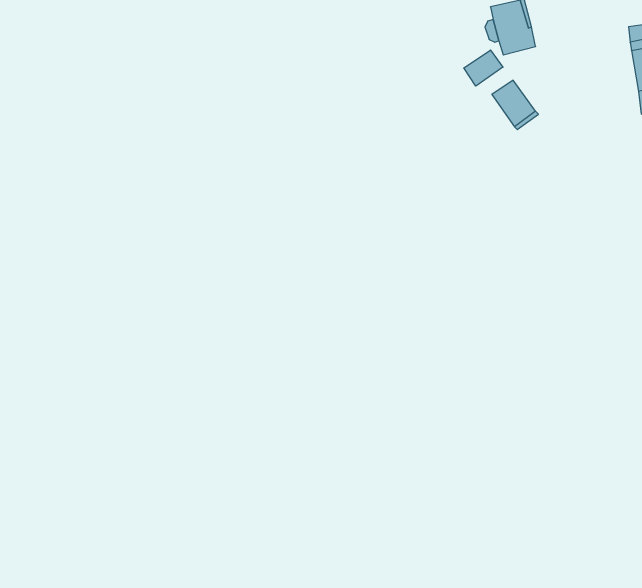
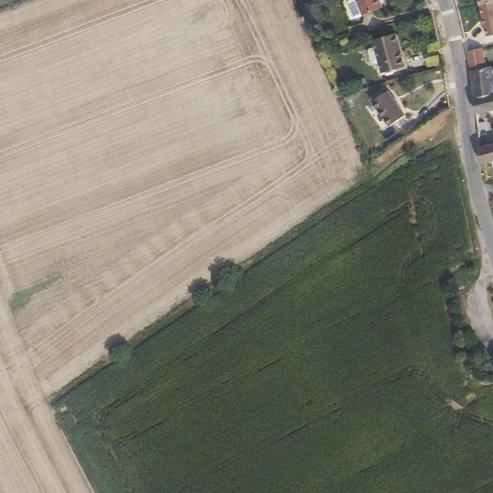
building: [464,50,503,86] -> none

